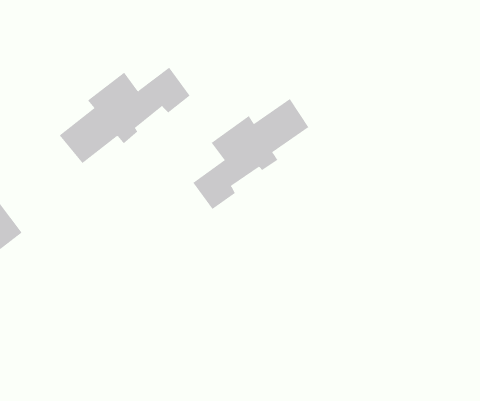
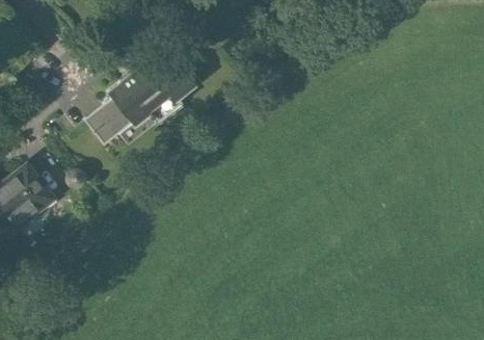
building: [193,98,309,210] -> none

